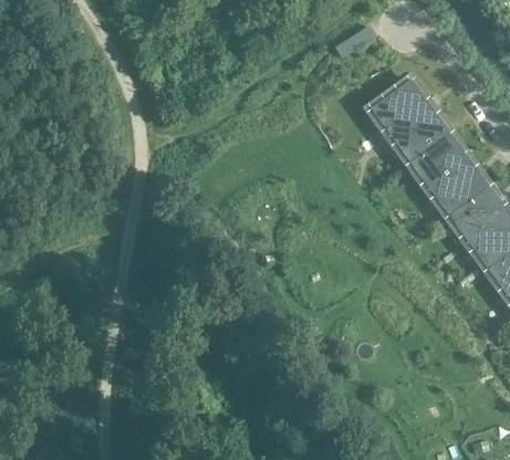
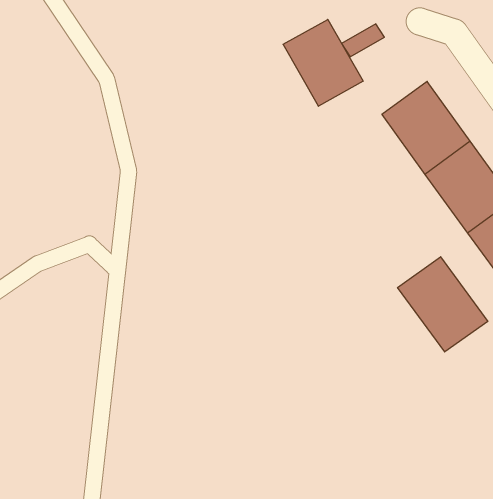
building: none -> [283,19,363,106]
building: none -> [398,257,488,352]

